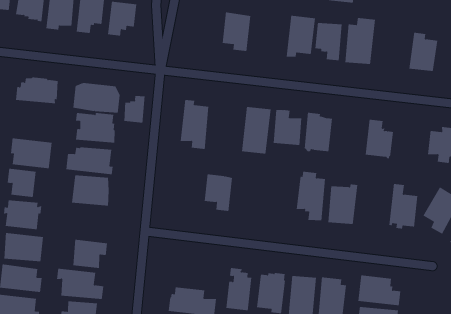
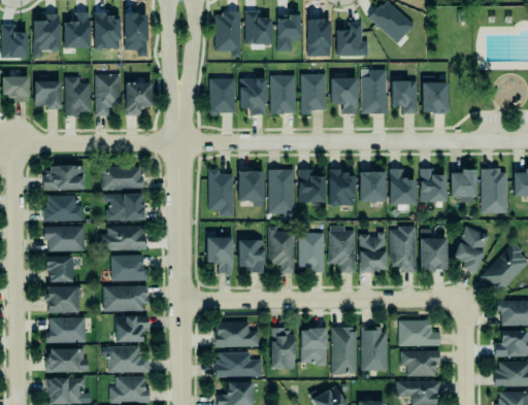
building: none -> [207,78,234,117]
building: none -> [269,75,294,115]
building: none -> [392,81,418,114]
building: [124,95,145,124] -> none
building: none -> [238,169,263,206]
building: none -> [43,195,84,222]
building: none -> [359,167,386,203]
building: none -> [420,170,447,203]
building: none -> [268,227,294,274]
building: none -> [206,237,232,273]
building: none -> [298,233,324,274]
building: none -> [391,229,417,274]
building: none -> [103,285,147,311]
building: none -> [217,324,260,348]

